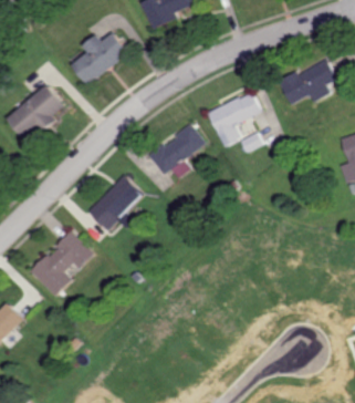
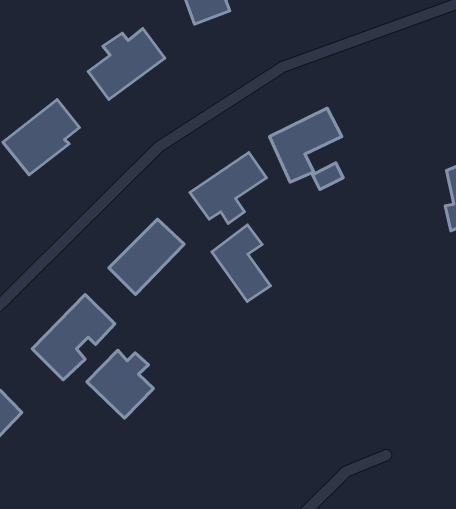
building: [278,56,335,103] -> none
building: none -> [212,225,270,301]
building: none -> [87,350,153,418]

